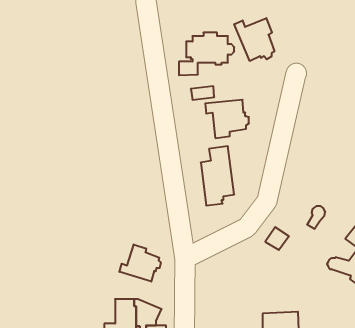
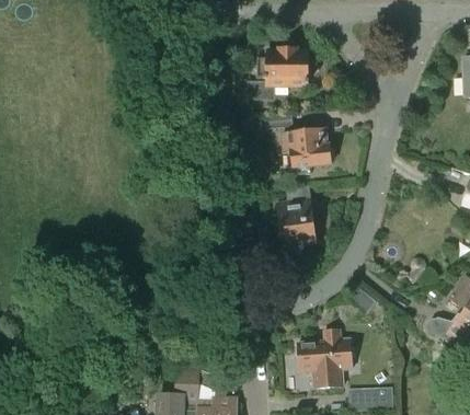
building: [234,18,274,61] -> none
building: [119,244,161,282] -> none
building: none -> [297,328,352,389]

